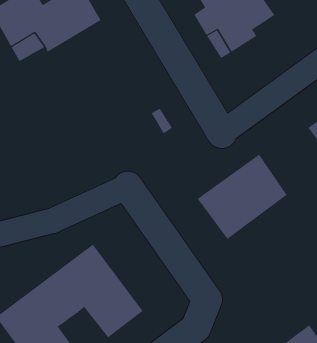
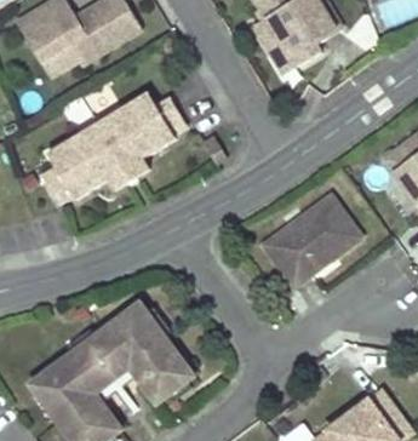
building: none -> [39,92,189,205]

